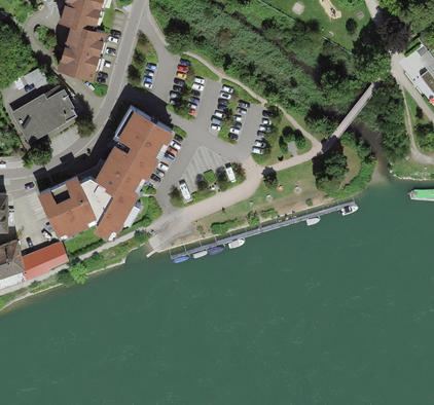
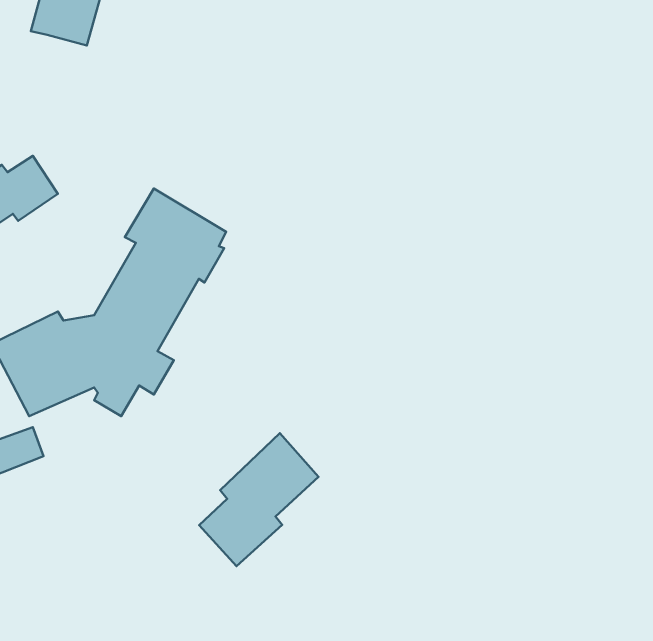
building: [58,22,104,76] -> none
building: none -> [199,433,319,566]

